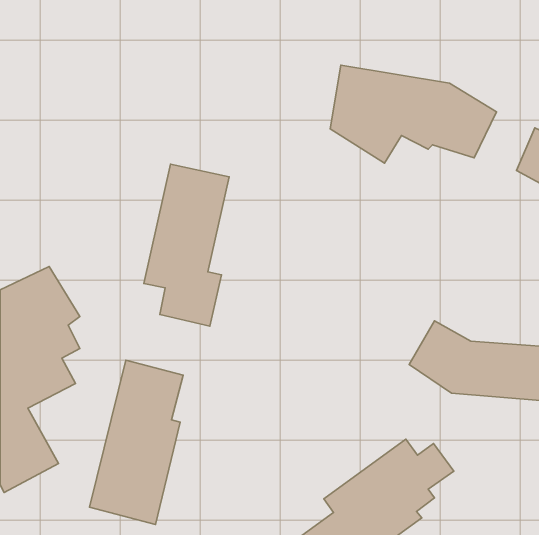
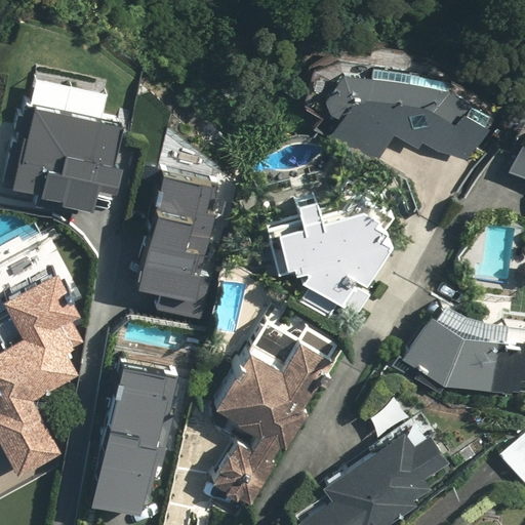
building: none -> [14,95,126,199]
building: none -> [265,207,378,307]
building: none -> [208,342,323,510]

